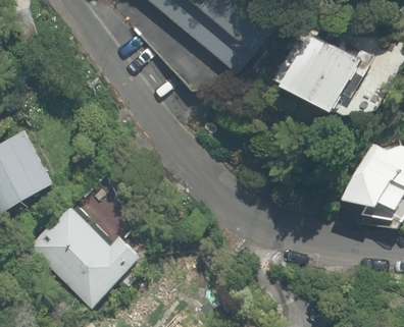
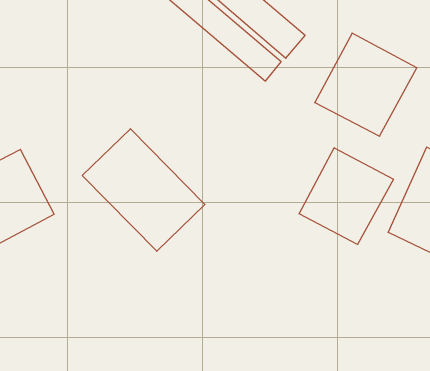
building: none -> [299,148,393,244]
building: [32,203,136,307] -> [82,129,205,251]

